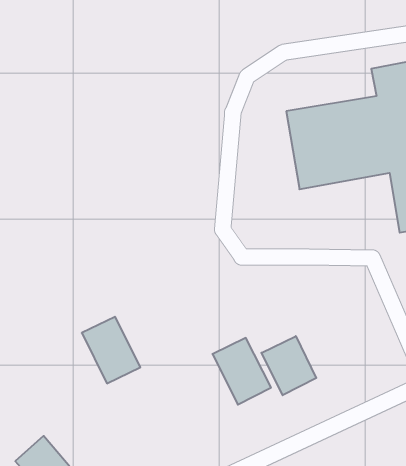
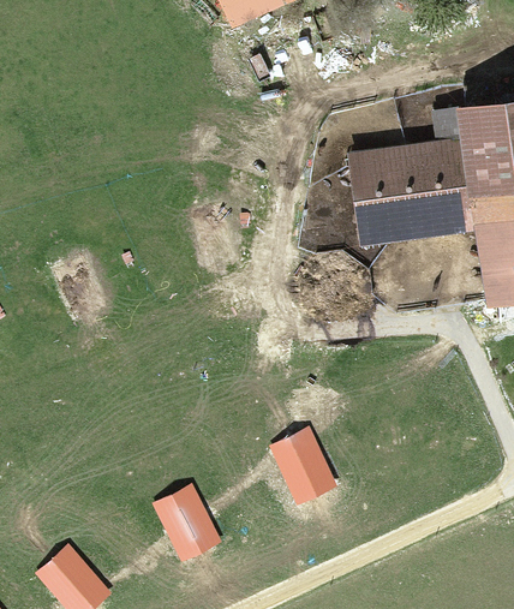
building: [82,317,140,383] -> [151,483,221,562]
building: [261,336,316,395] -> none

